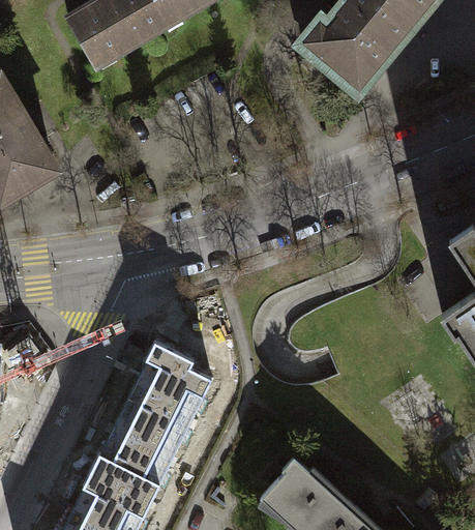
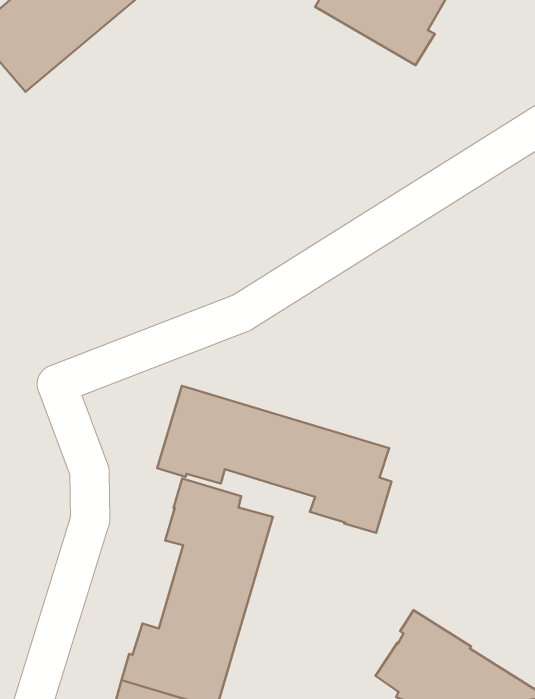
building: none -> [157,386,391,533]

